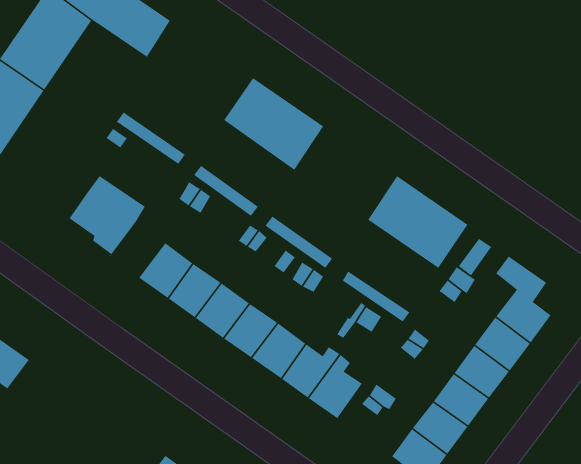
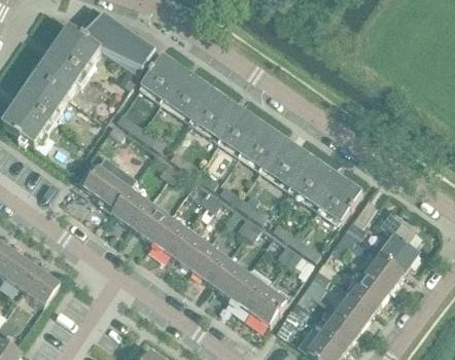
building: none -> [139,52,210,117]
building: none -> [239,121,310,186]
building: none -> [111,187,149,226]

